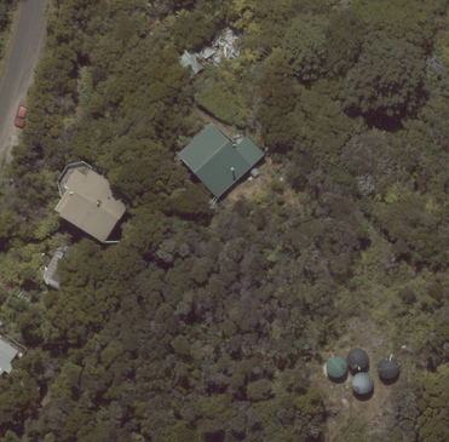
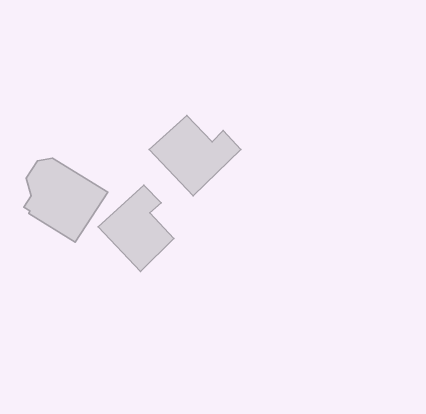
building: none -> [98,185,174,272]

